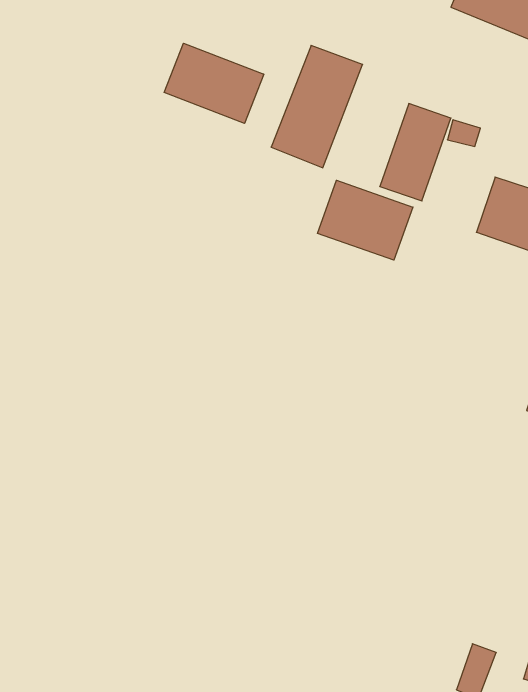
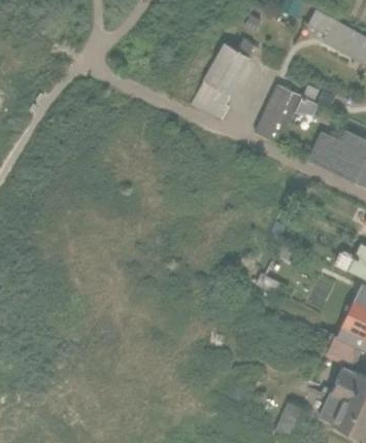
building: [164,43,264,123] -> none
building: [317,180,413,260] -> none

